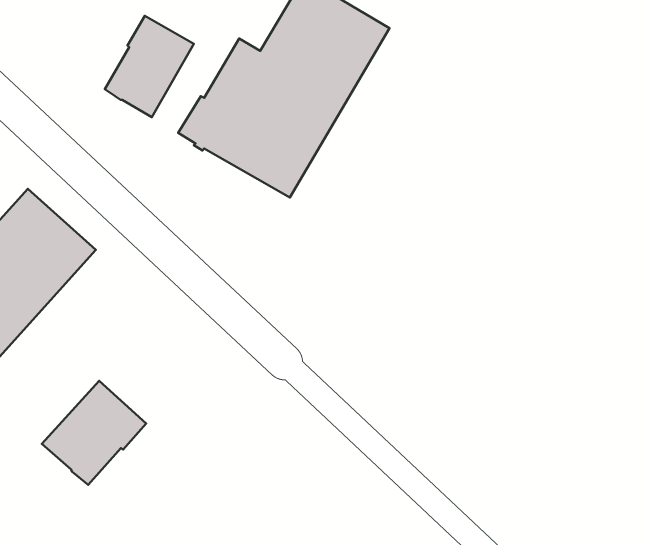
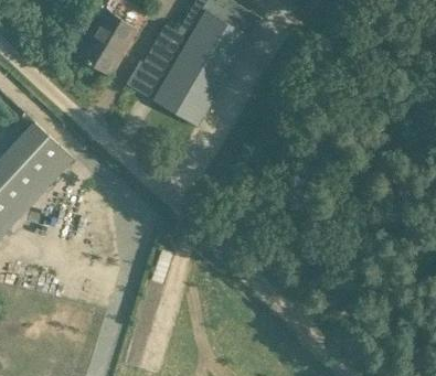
building: [42,381,146,485] -> none

